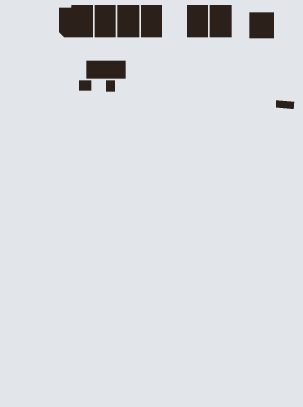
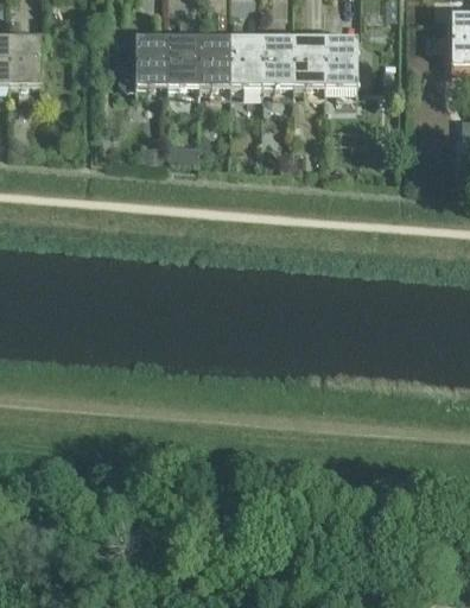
building: none -> [261,36,293,82]
building: [249,12,275,39] -> none
building: [86,60,126,79] -> none

